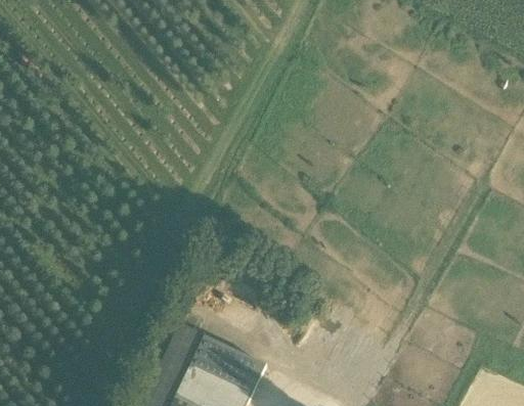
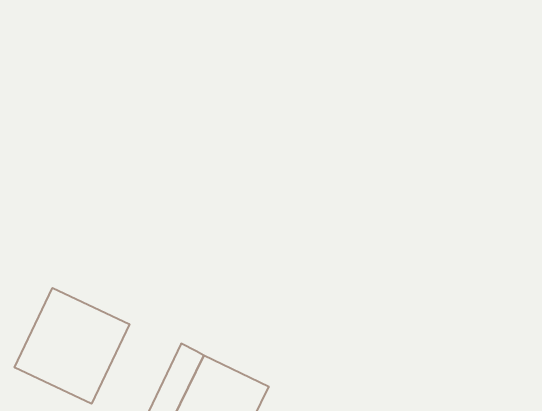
building: none -> [15,288,129,404]

